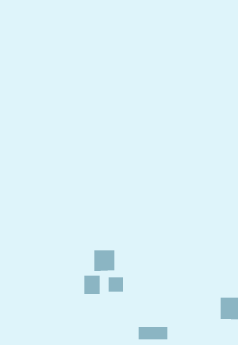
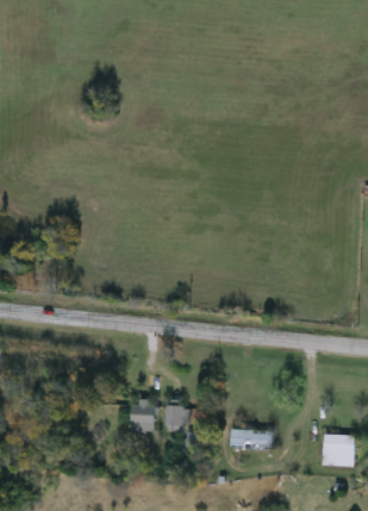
building: [94,249,115,272] -> none
building: [138,326,168,340] -> [229,430,272,449]

